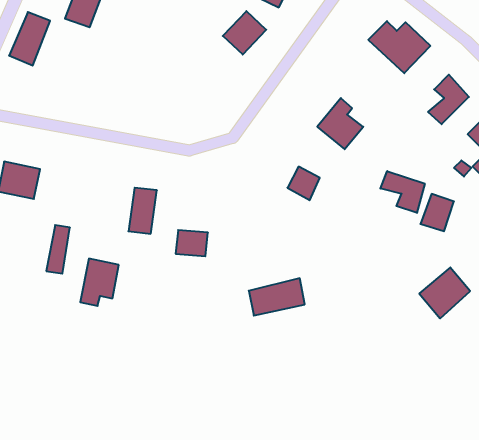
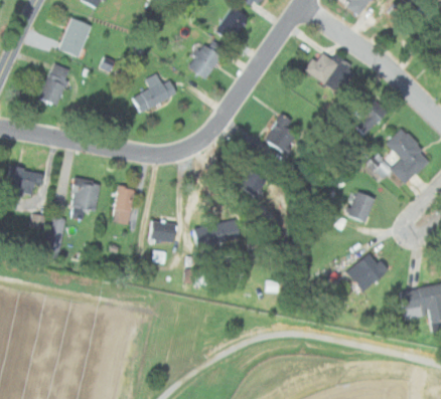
building: [9,12,50,66] -> [38,62,71,106]
building: none -> [132,72,176,114]
building: [380,171,425,213] -> none
building: [80,259,119,306] -> [68,180,100,218]
building: [249,278,305,316] -> [194,217,240,247]

